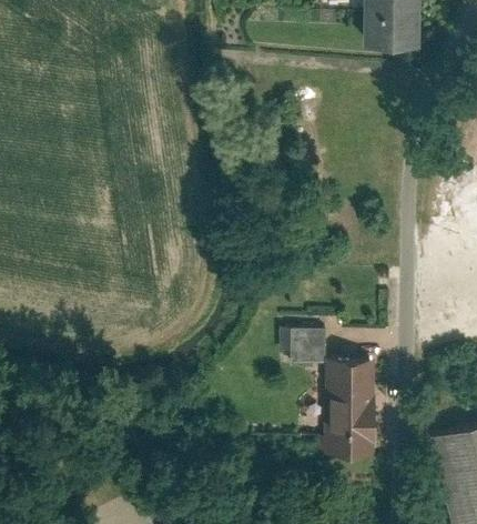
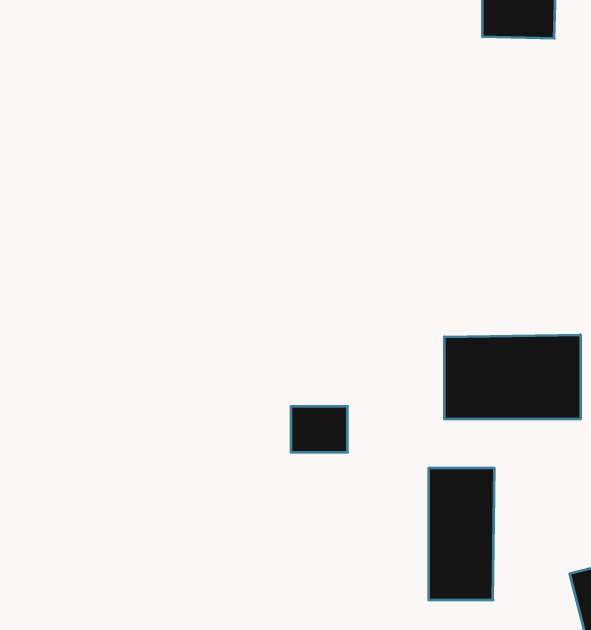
building: none -> [444,335,580,419]
building: [283,332,324,365] -> [291,406,348,452]

